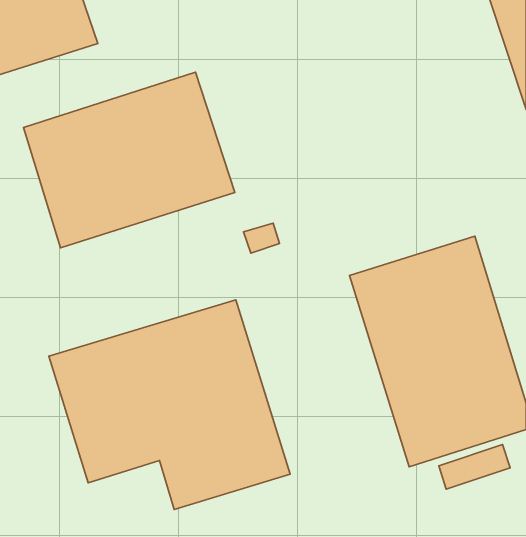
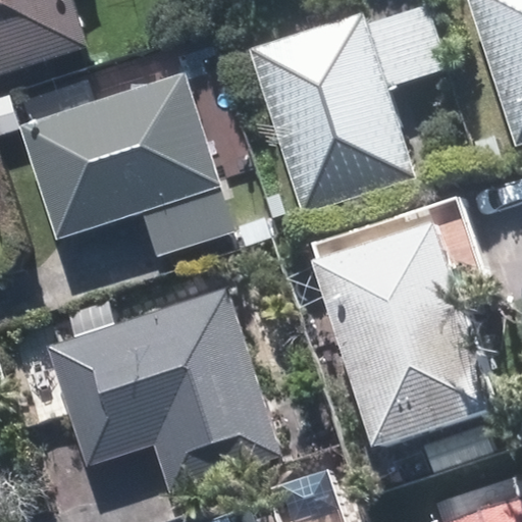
building: none -> [254,12,417,213]

